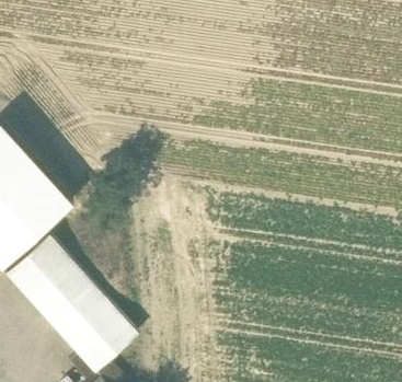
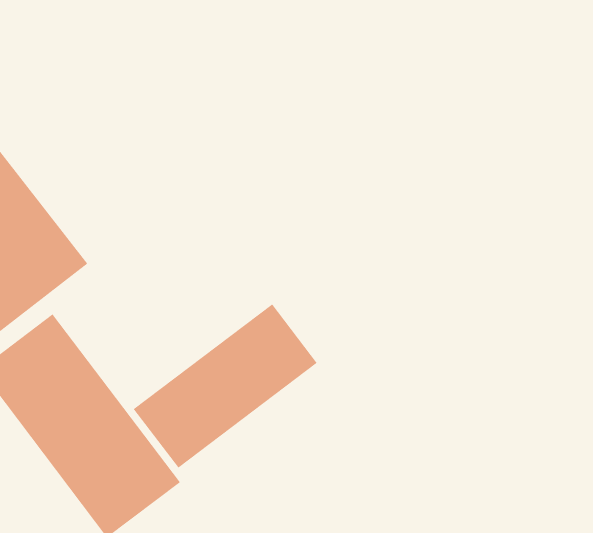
building: none -> [133,303,318,469]

